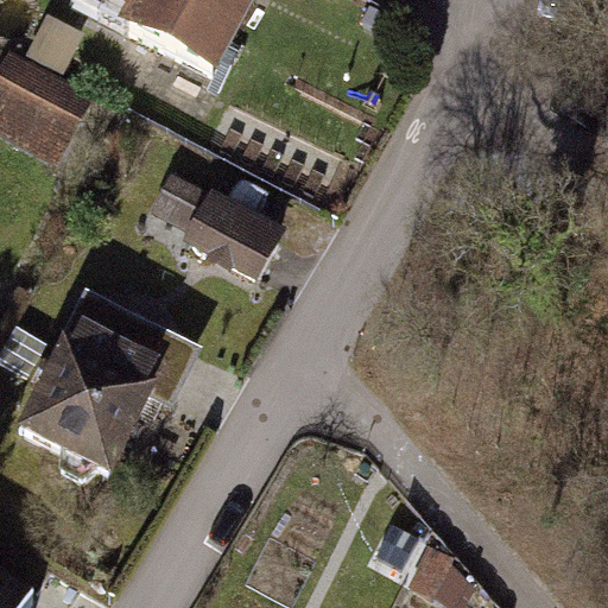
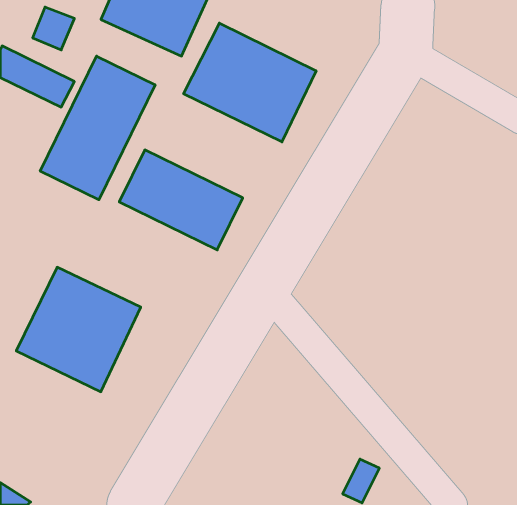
building: none -> [184,23,316,142]
building: none -> [40,56,155,200]

